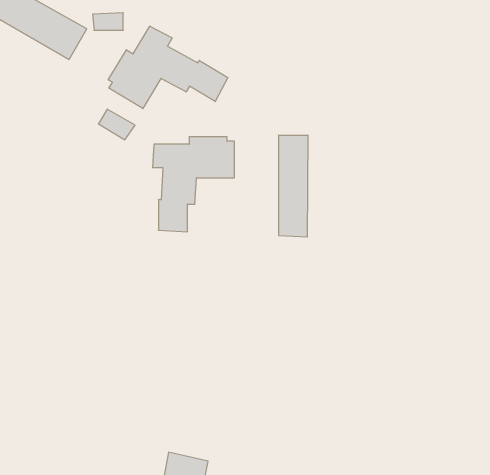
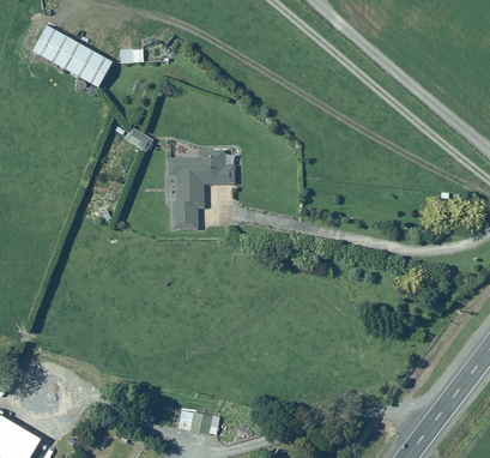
building: [108,26,228,109] -> none
building: [279,135,308,237] -> none

